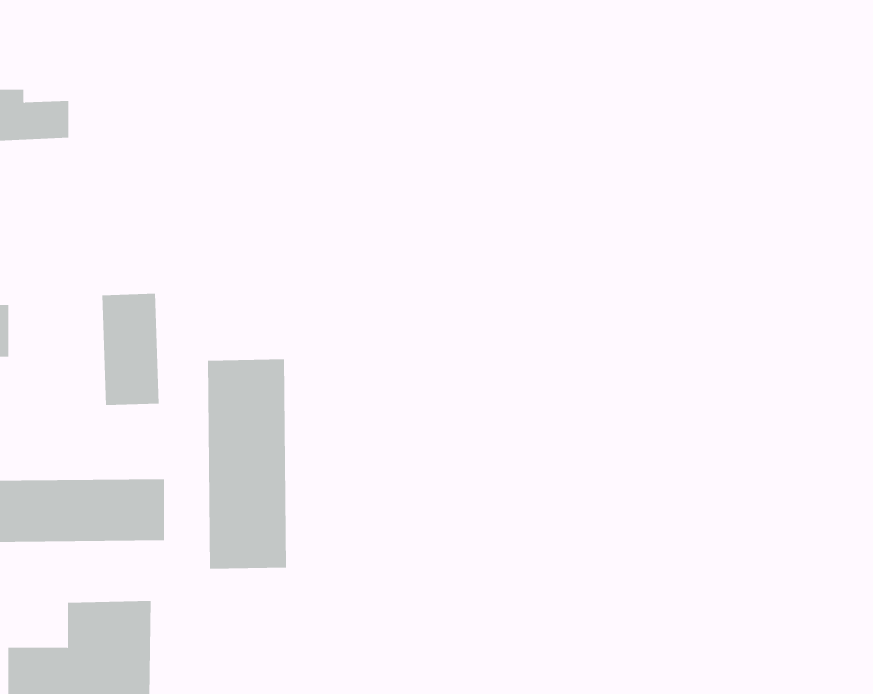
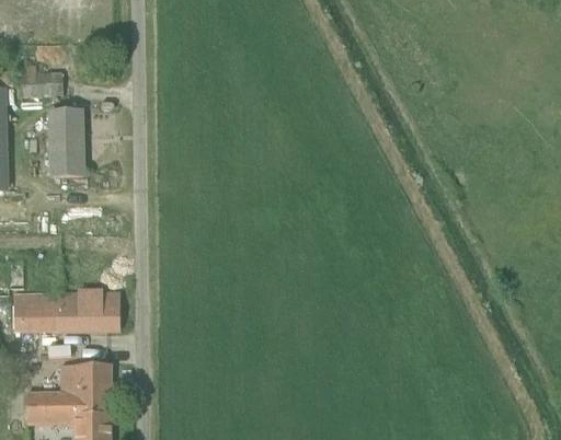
building: [102,293,160,406] -> [49,111,83,176]
building: [207,359,287,570] -> none

